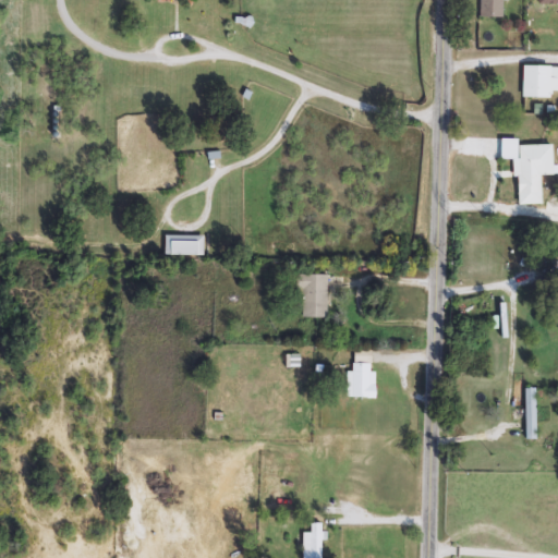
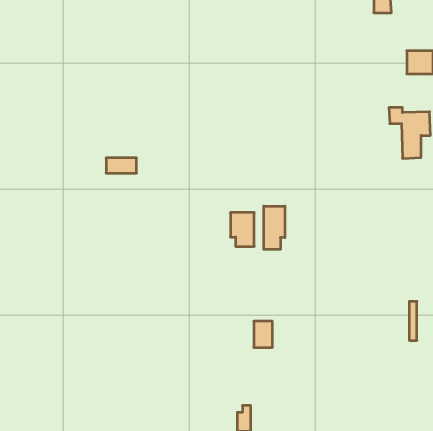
building: [165,234,204,254] -> [106,158,137,173]
building: none -> [264,206,285,249]
building: [350,363,374,397] -> [254,321,272,347]

